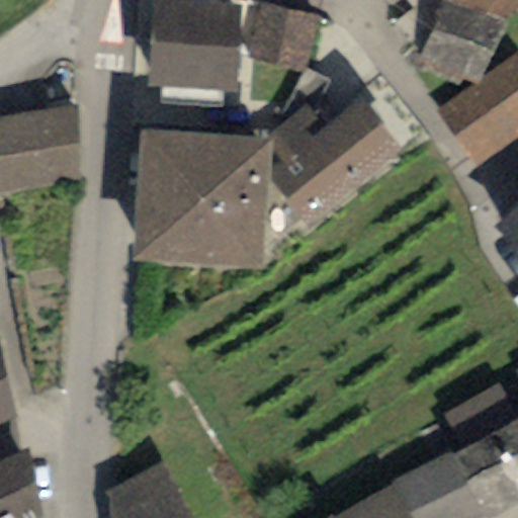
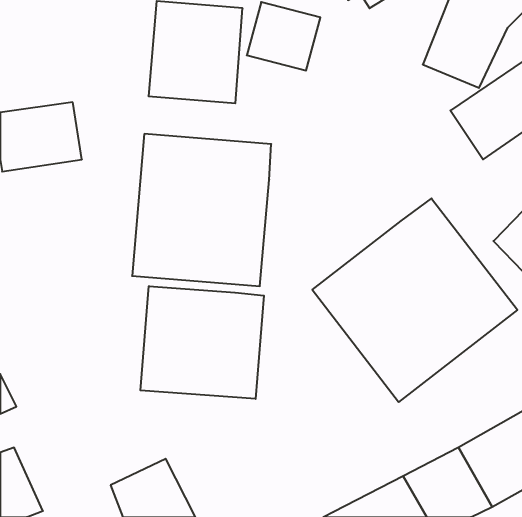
building: [267,102,400,231] -> none
building: none -> [312,198,517,402]
building: none -> [140,286,264,399]

